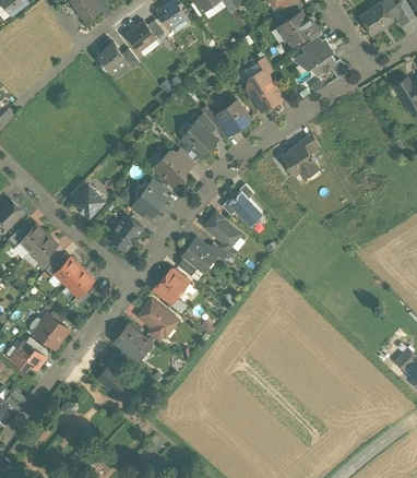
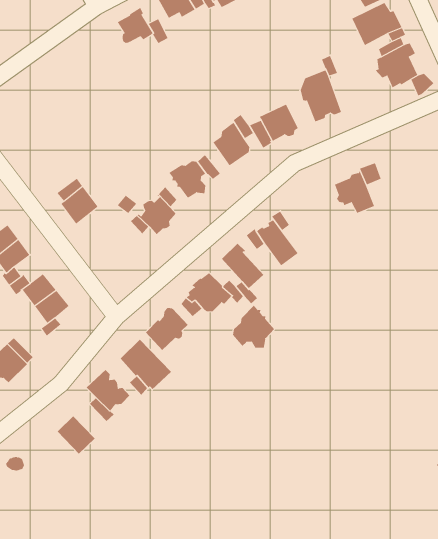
building: [108,215,142,250] -> none
building: none -> [232,305,275,348]

